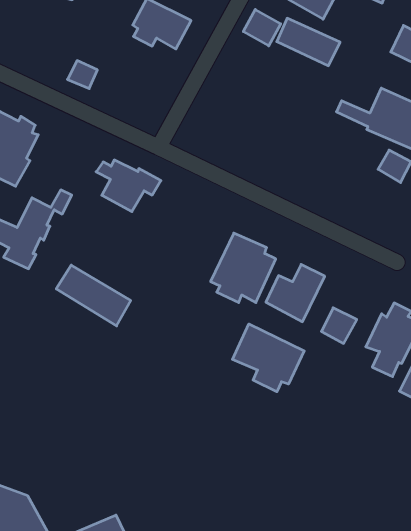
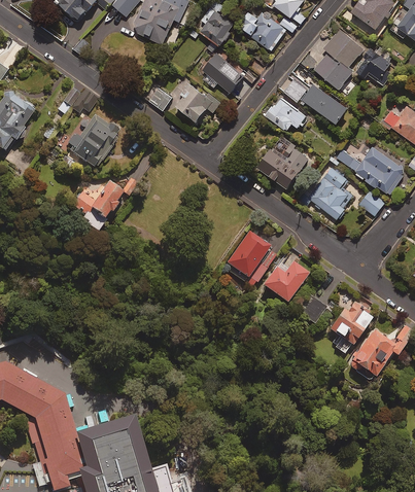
building: none -> [266,97,306,131]
building: none -> [256,137,310,189]
building: none -> [301,167,352,219]
building: [96,160,161,212] -> [175,82,220,121]
building: [56,265,131,326] -> none
building: [232,324,304,392] -> none

